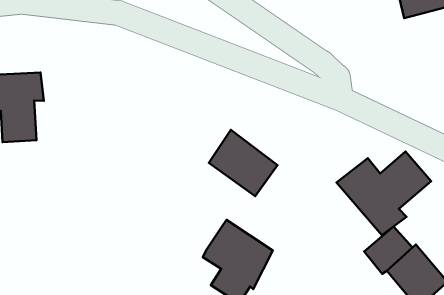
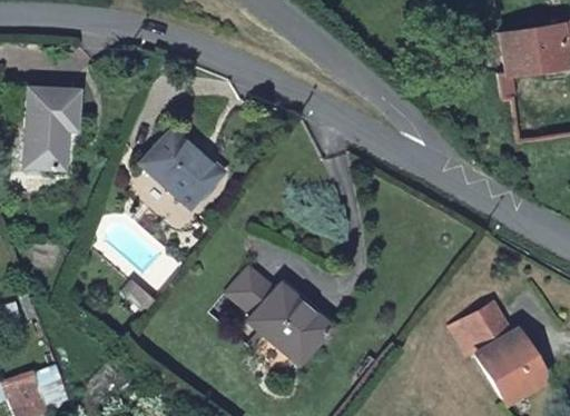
building: [209,130,277,196] -> [149,126,229,206]
building: [336,152,431,235] -> none
building: none -> [228,268,276,316]

